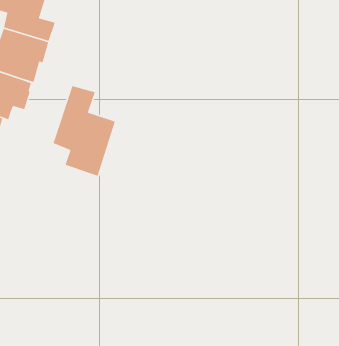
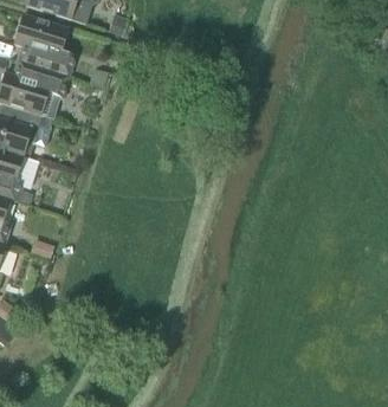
building: [52,85,116,177] -> none

